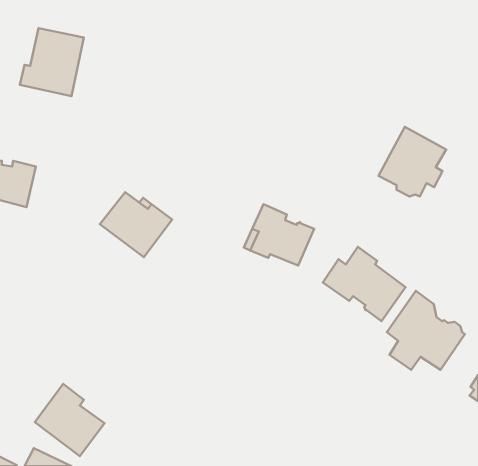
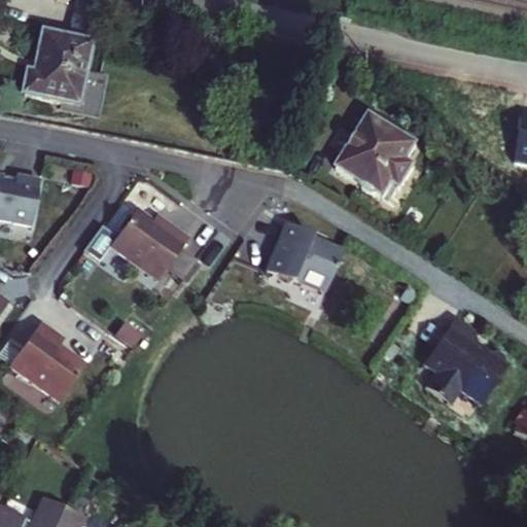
building: [379,127,446,196] -> [348,112,422,188]
building: [323,247,405,321] -> none
building: [35,384,104,456] -> [6,322,82,401]

